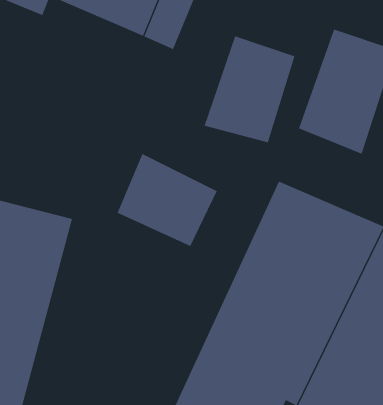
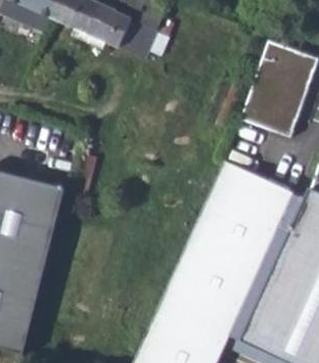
building: [204,36,295,143] -> none
building: [117,153,218,247] -> none

